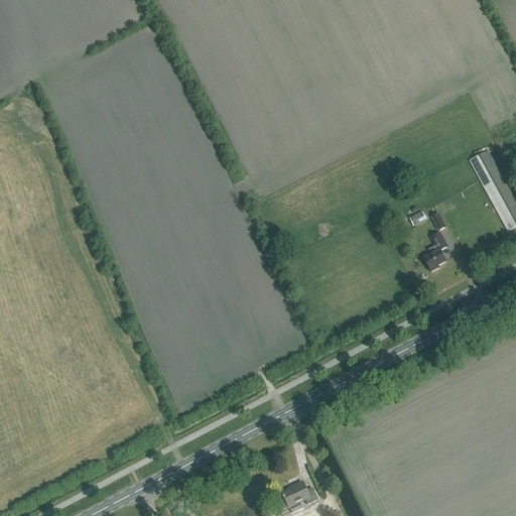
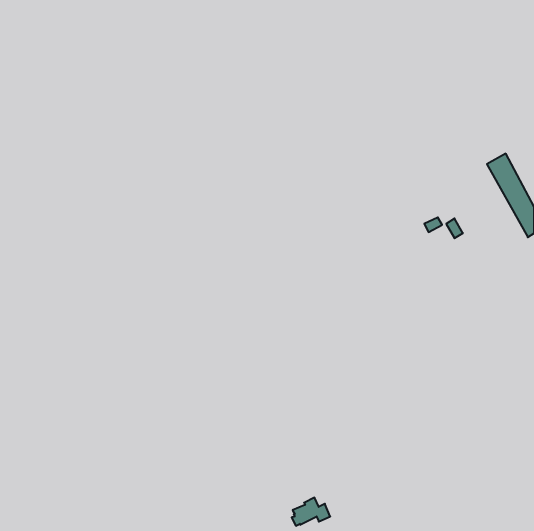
building: [424,231,447,270] -> none

